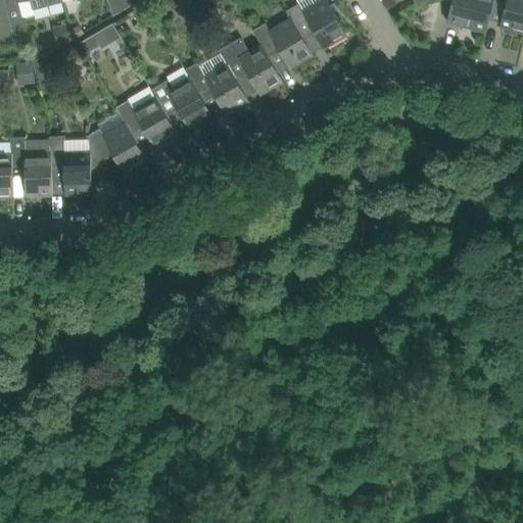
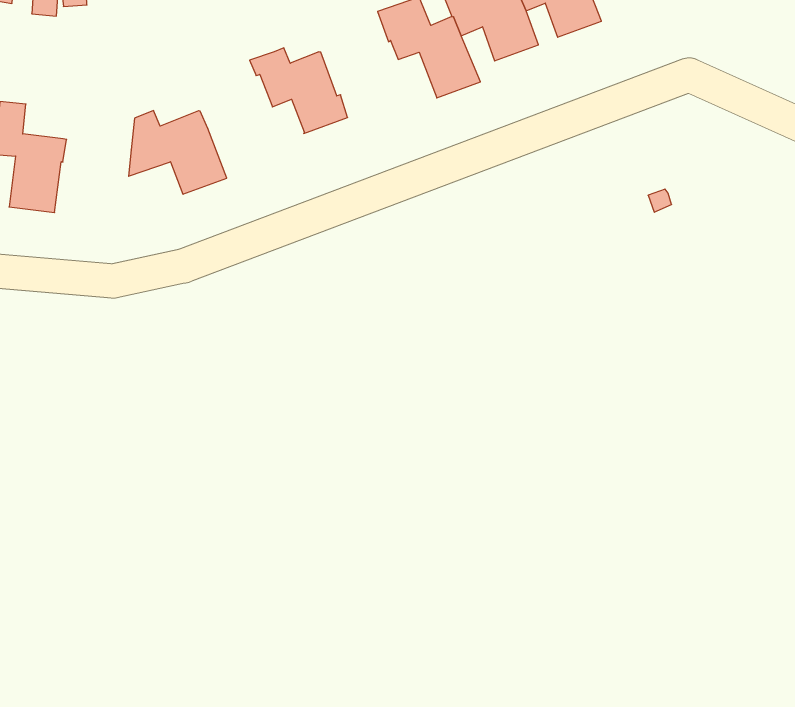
building: [182,63,247,114] -> none
building: [114,97,176,146] -> none
building: [49,135,90,194] -> none

